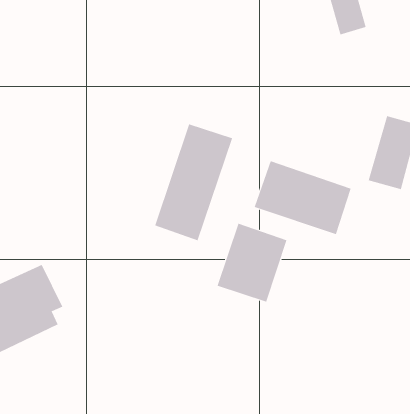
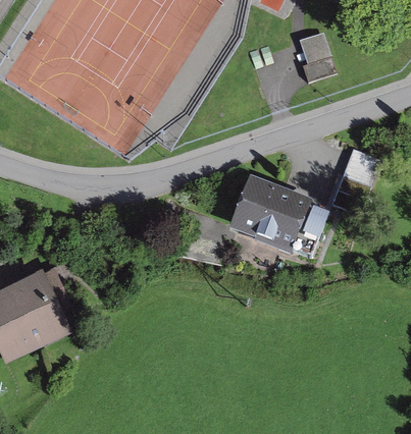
building: [155,124,233,241] -> none
building: [217,223,287,303] -> none

